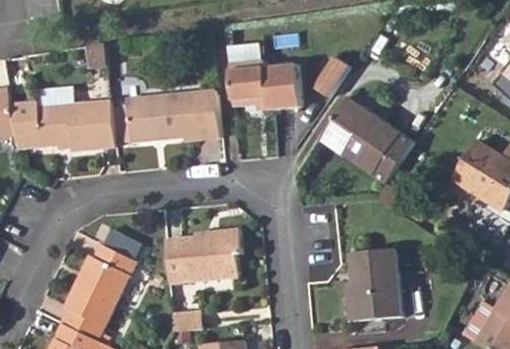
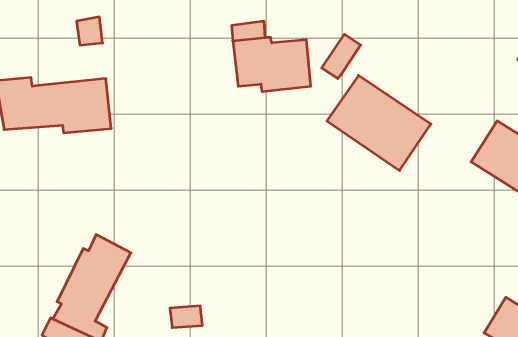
building: [128,89,222,139] -> none
building: [165,231,240,283] -> none
building: [343,249,403,320] -> none

